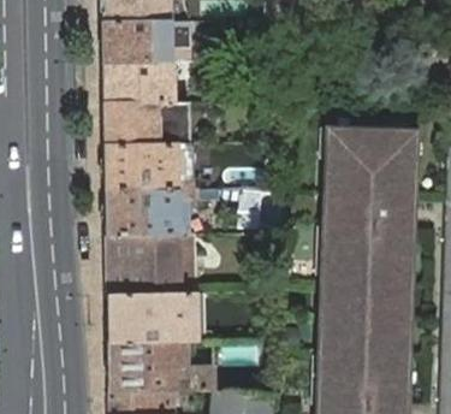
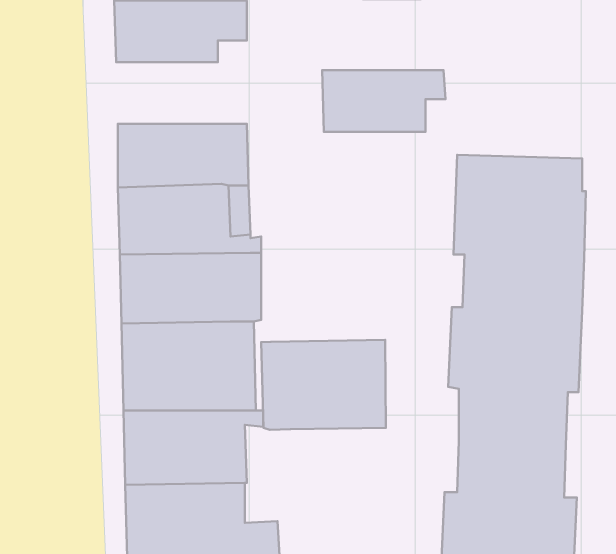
building: [103,63,185,104] -> [322,70,445,132]
building: none -> [261,340,386,430]

